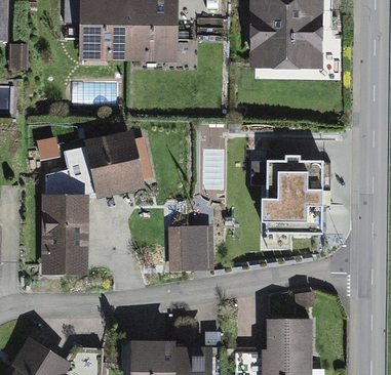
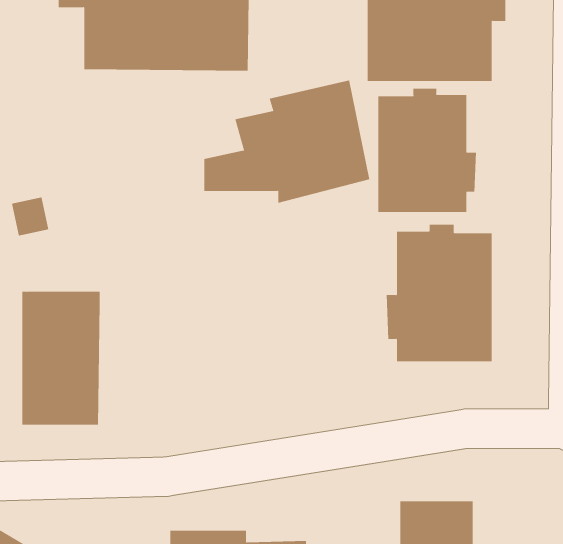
building: none -> [378,88,477,213]
building: [45,127,145,201] -> [204,80,370,203]
building: [167,226,213,273] -> none

